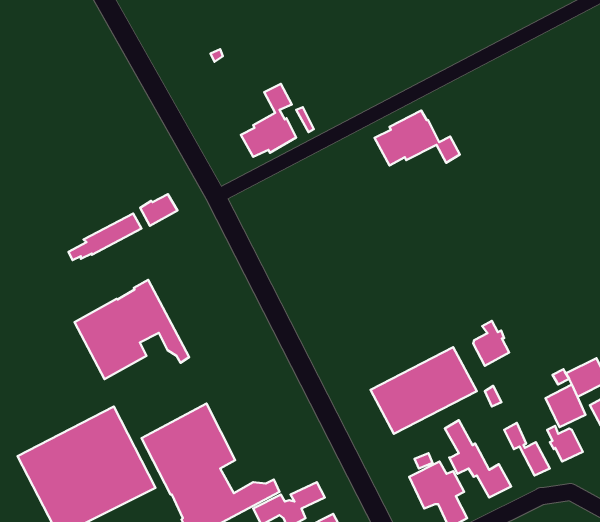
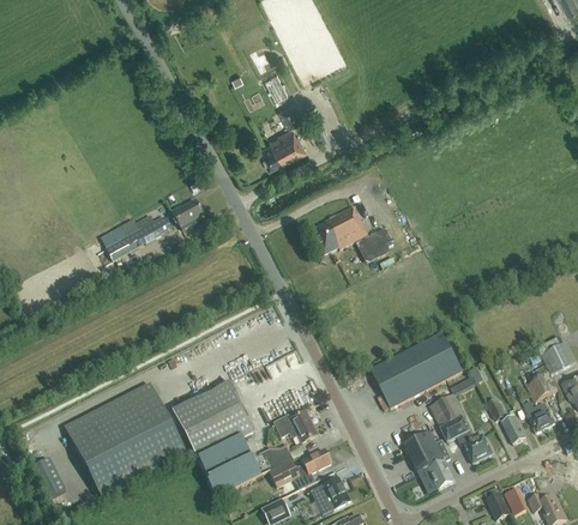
building: [374,110,460,166] -> [311,205,385,253]
building: [74,280,189,379] -> none
building: [473,321,509,366] -> none
building: none -> [272,409,317,441]

